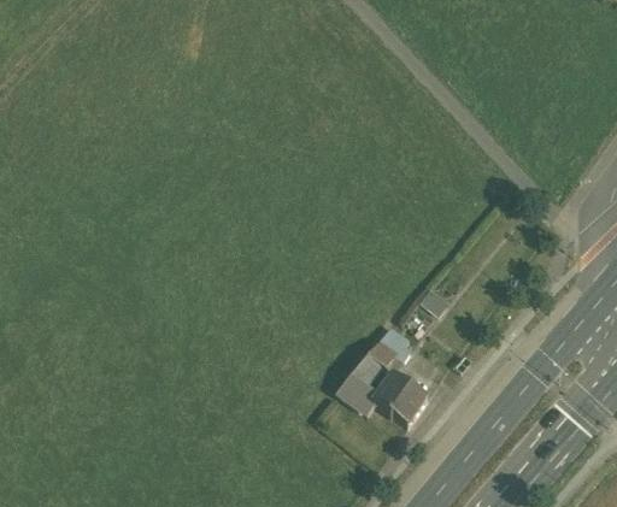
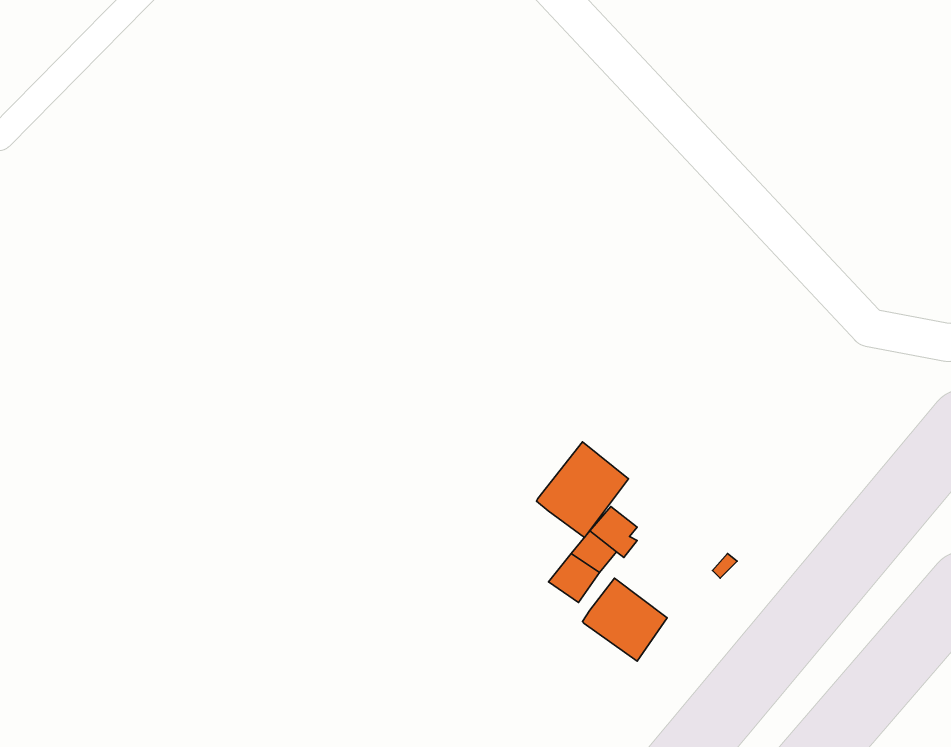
building: none -> [536,442,628,538]
building: [336,372,378,411] -> none

